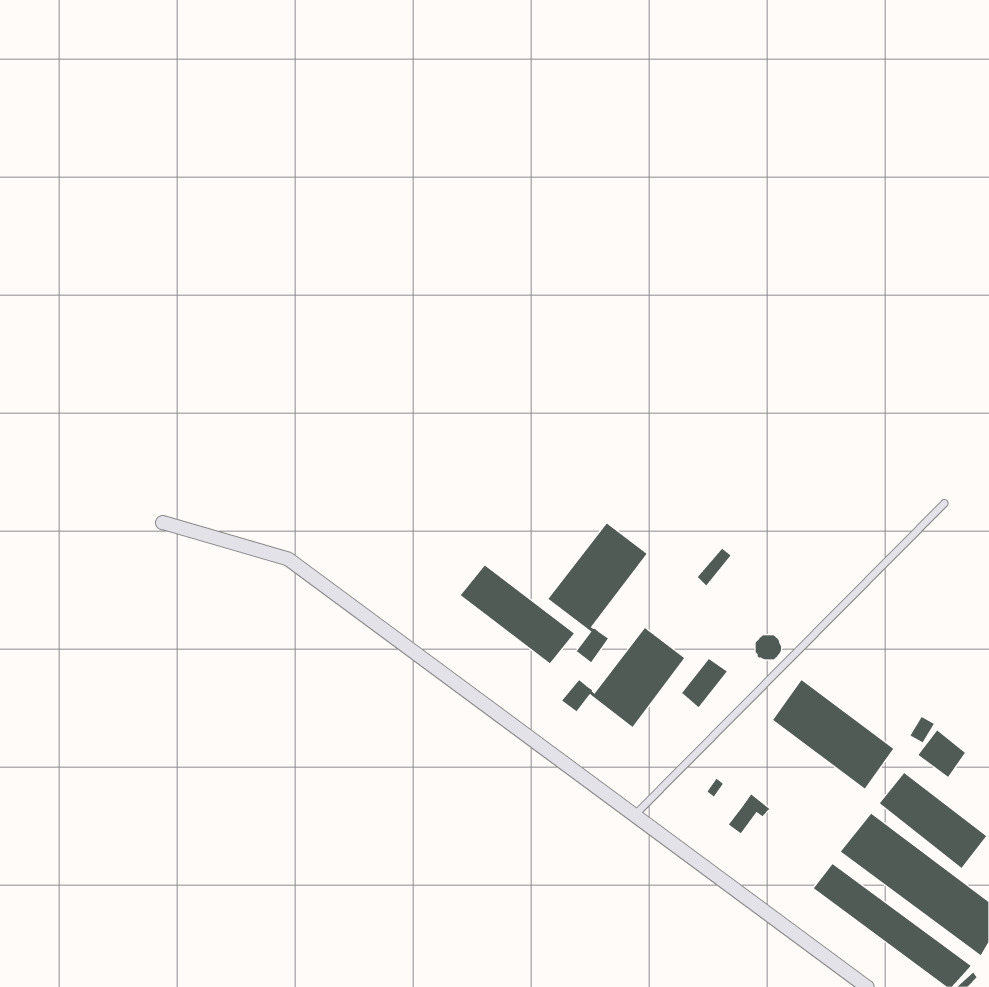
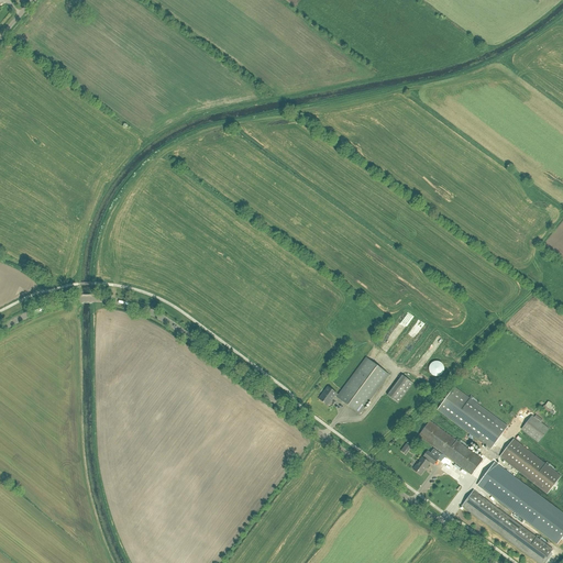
building: [547,522,648,663] -> none
building: [460,565,575,664] -> none
building: none -> [419,420,483,474]

